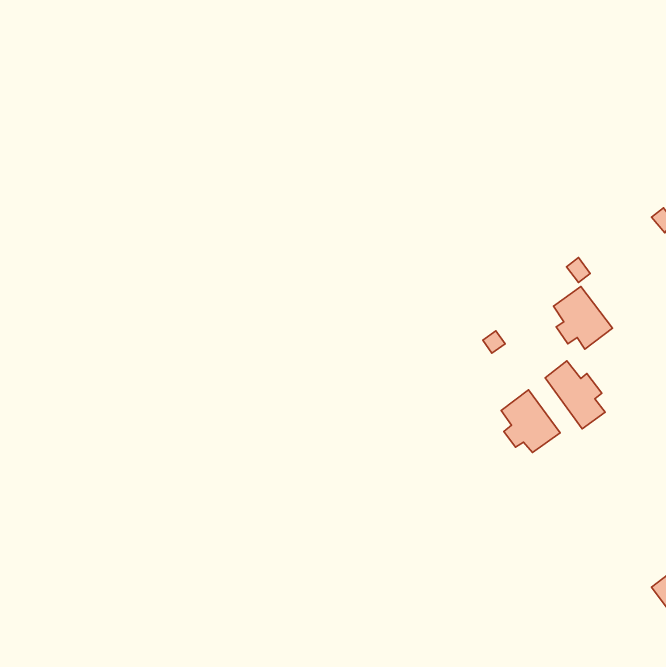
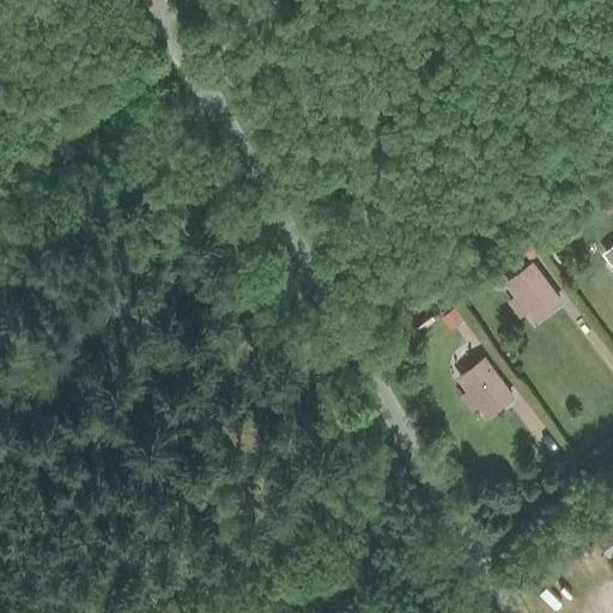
building: [545,361,605,429] -> none

